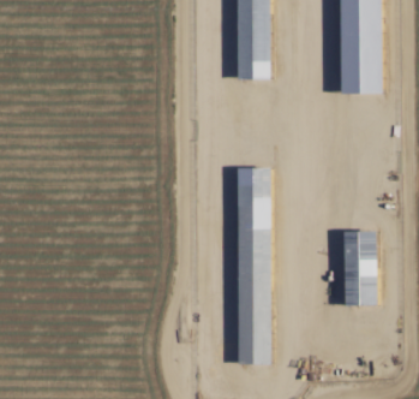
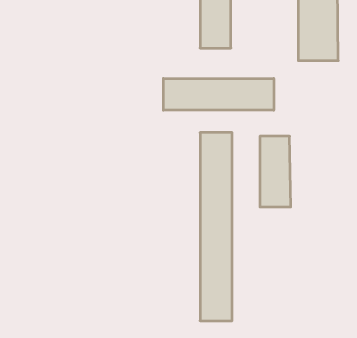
building: none -> [163,78,274,110]
building: [345,232,377,306] -> [260,136,291,207]

